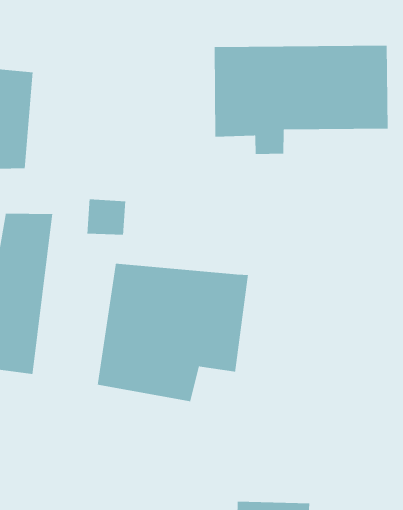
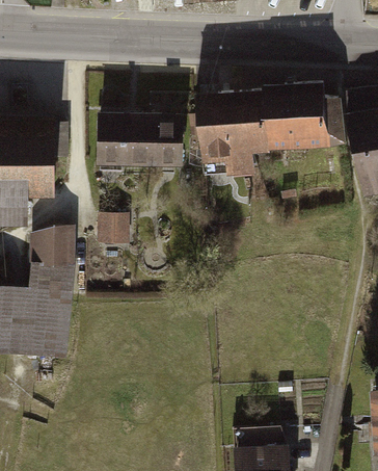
building: none -> [96,109,181,166]
building: [97,263,249,402] -> none

